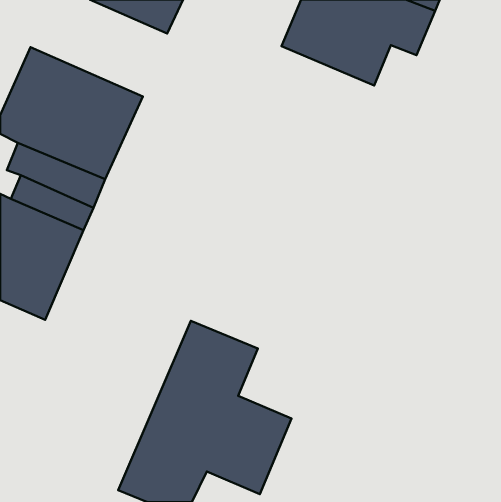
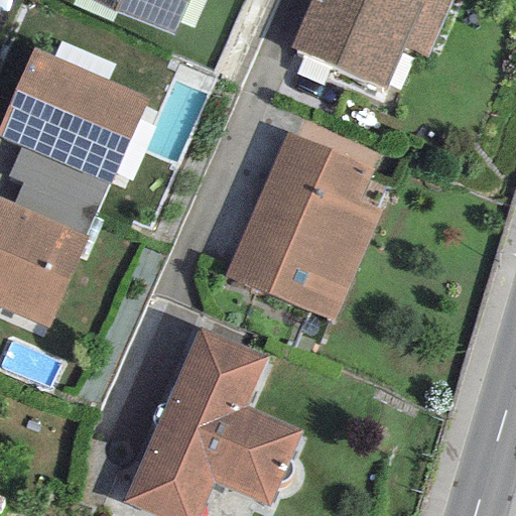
building: none -> [225,132,382,321]

